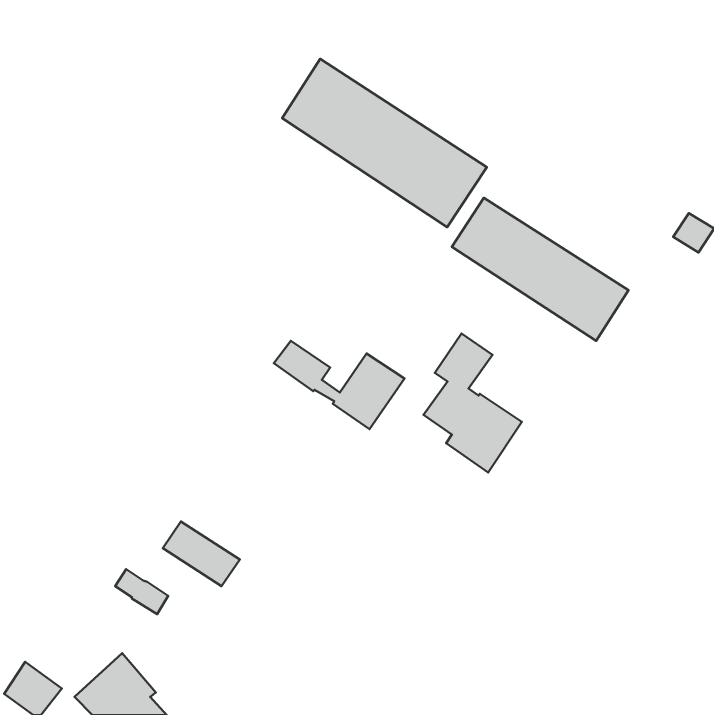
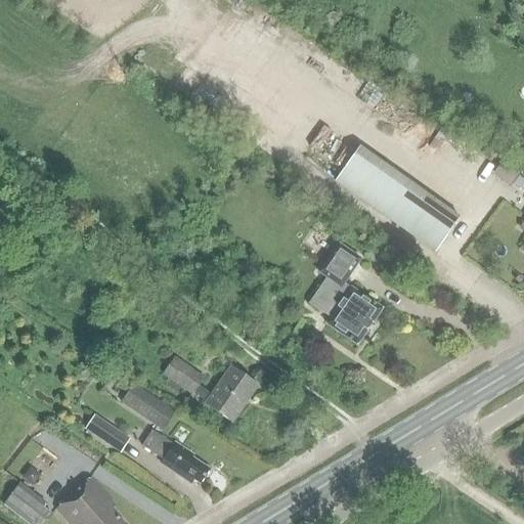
building: [282,59,487,227] -> none
building: [274,341,404,429] -> [164,357,259,422]
building: none -> [143,430,210,483]

